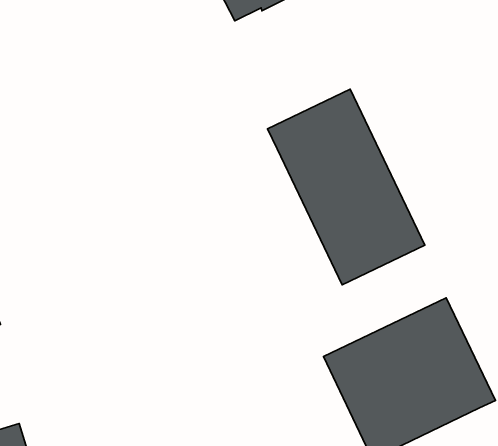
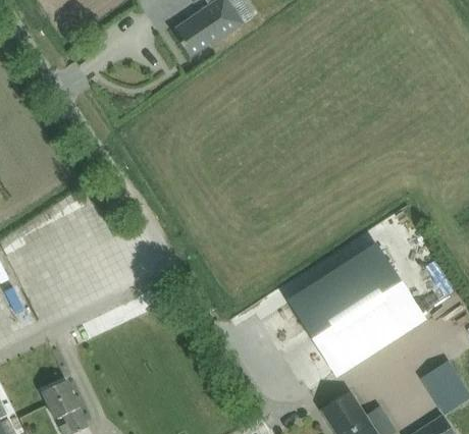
building: [267,89,425,285] -> none

